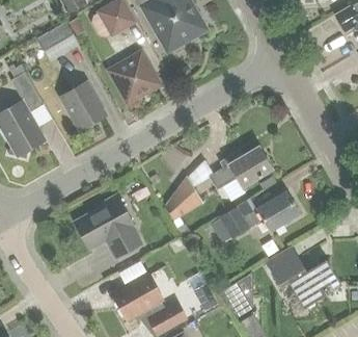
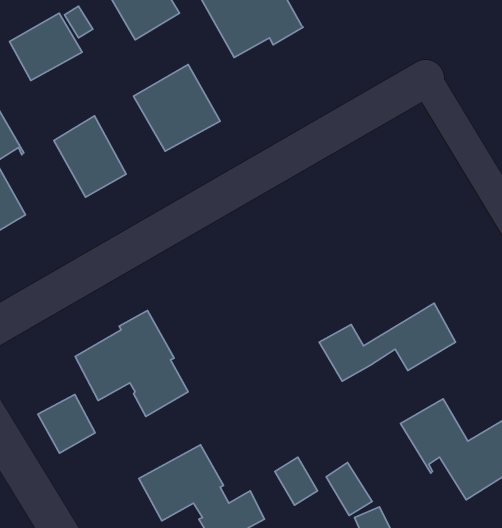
building: [212,146,272,199] -> none
building: [164,177,202,222] -> none
building: none -> [38,394,95,453]

